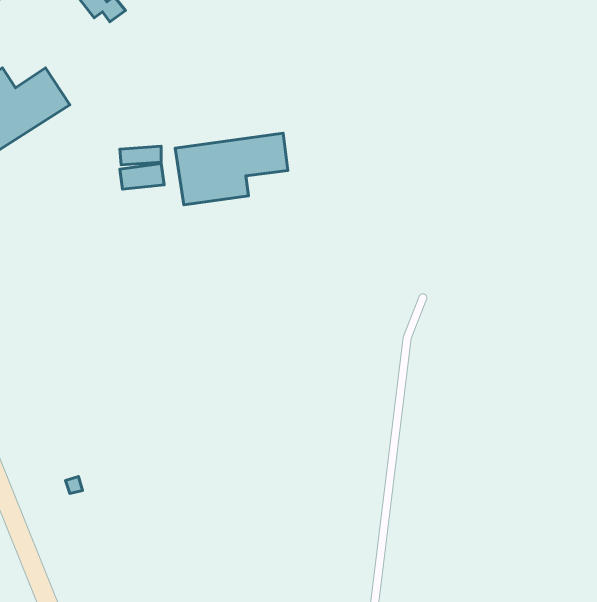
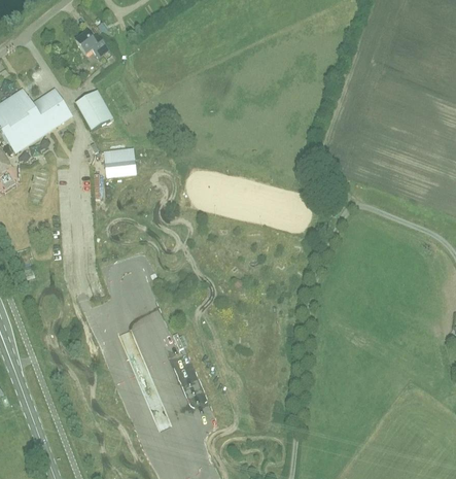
building: none -> [76,89,113,129]
building: [175,133,288,205] -> none

